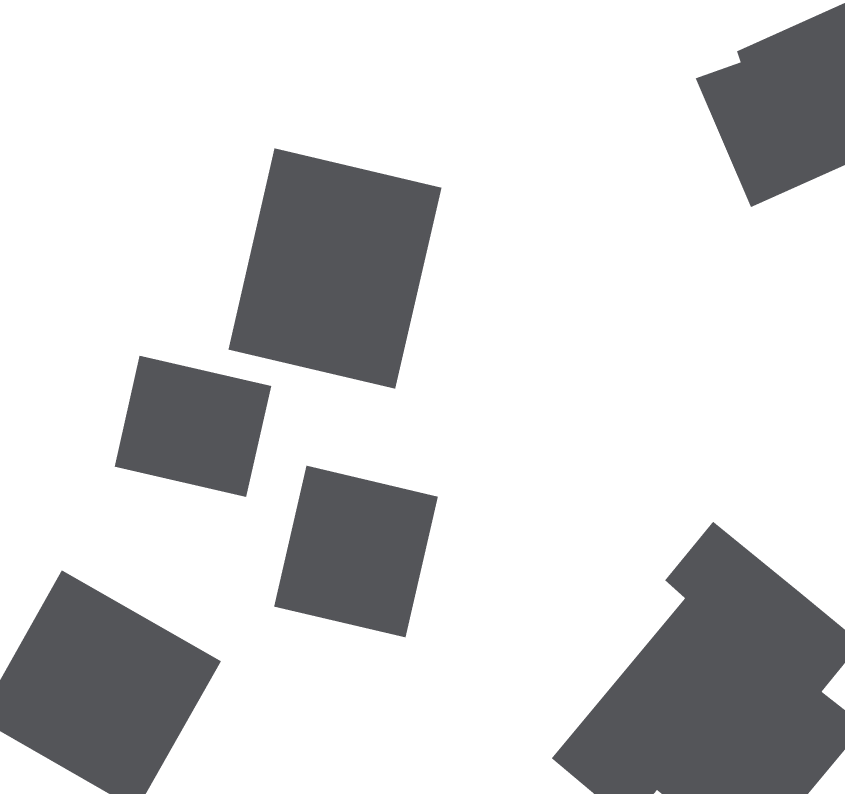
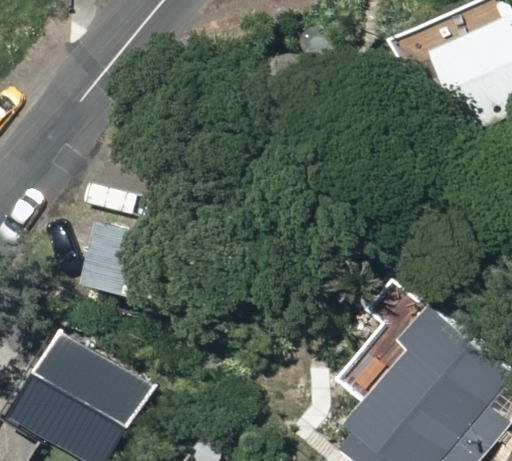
building: [228,148,442,390] -> none
building: [273,465,438,638] -> none

